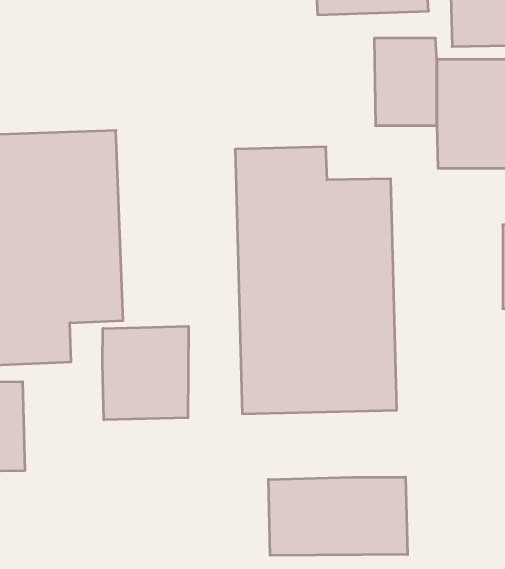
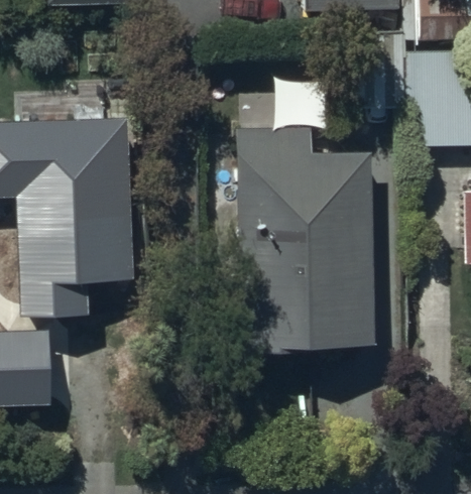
building: [102,326,188,420] -> none
building: [268,477,408,555] -> none

